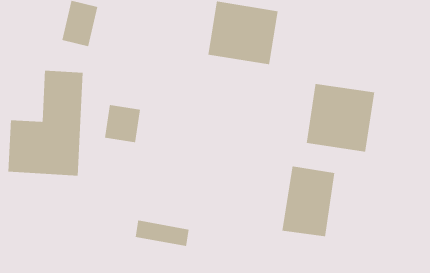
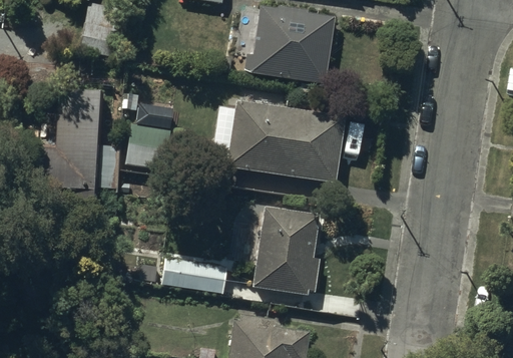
building: none -> [228,101,342,178]
building: [306,83,375,152] -> none
building: [281,166,335,237] -> [252,207,316,290]

